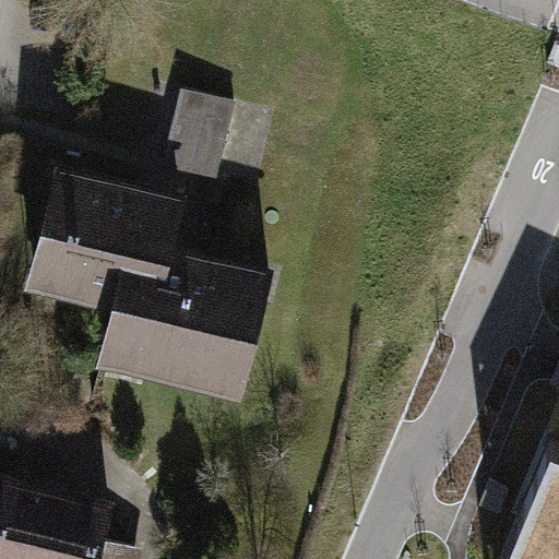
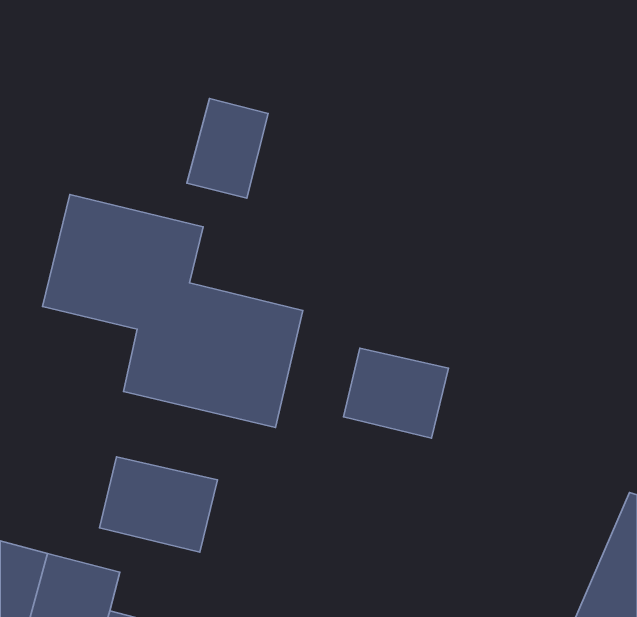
building: none -> [343,348,449,438]
building: none -> [100,457,217,552]

